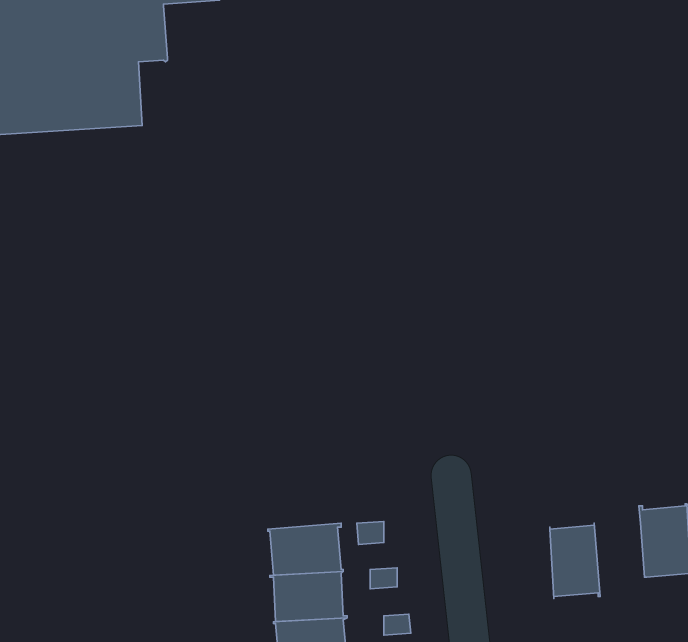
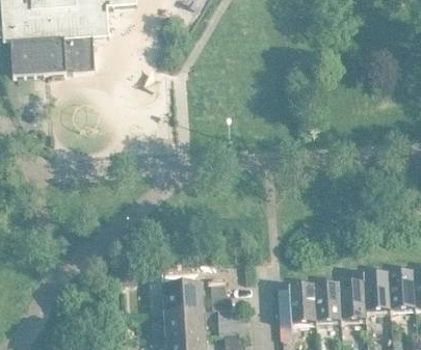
building: none -> [338,282,366,322]
building: none -> [288,285,316,325]

